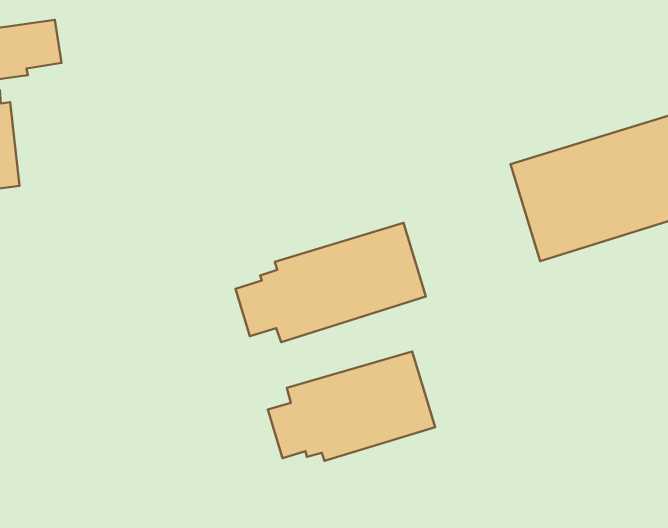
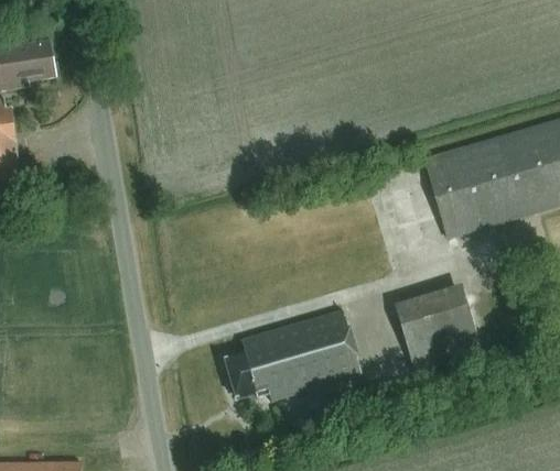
building: [235,223,426,342] -> none
building: none -> [397,291,482,373]

